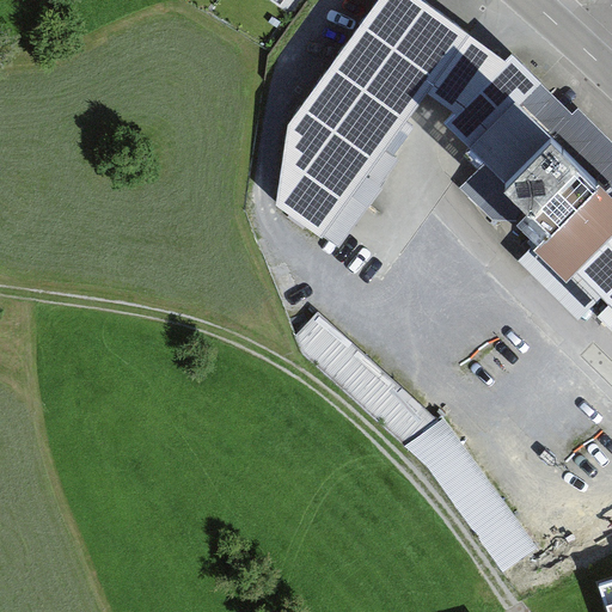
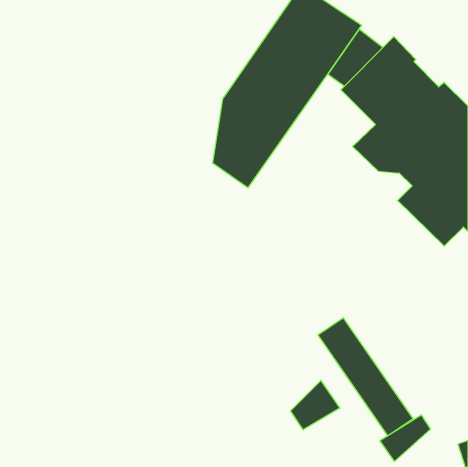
building: none -> [291,380,340,430]
building: none -> [380,415,430,461]

